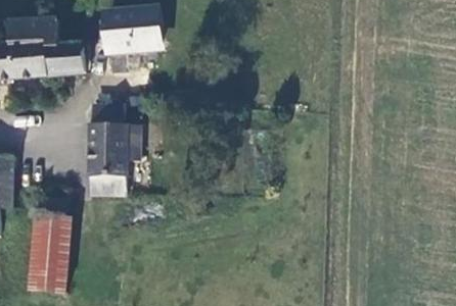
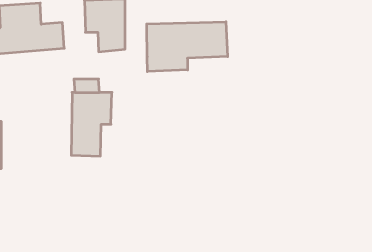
building: none -> [147,22,228,72]
building: [30,216,73,295] -> none

